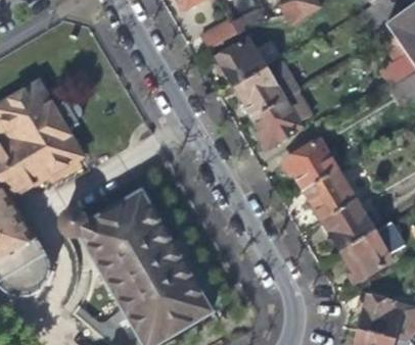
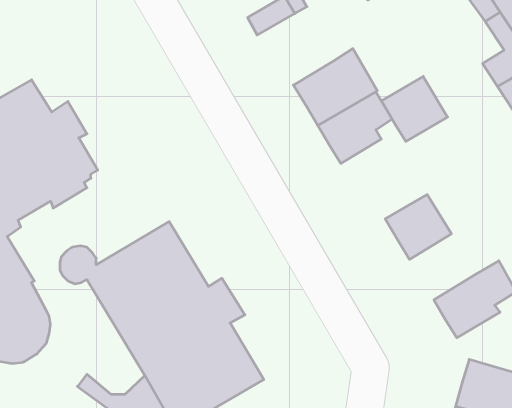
building: [218,37,266,86] -> none
building: [286,138,336,187] -> [381,76,448,141]
building: [323,198,373,248] -> none

